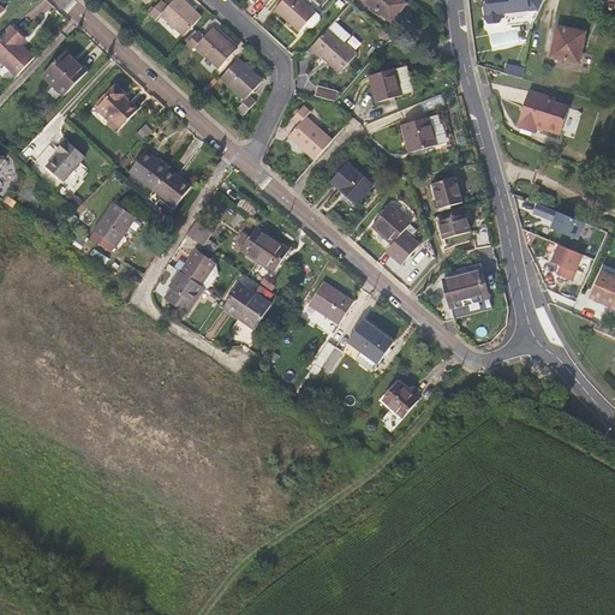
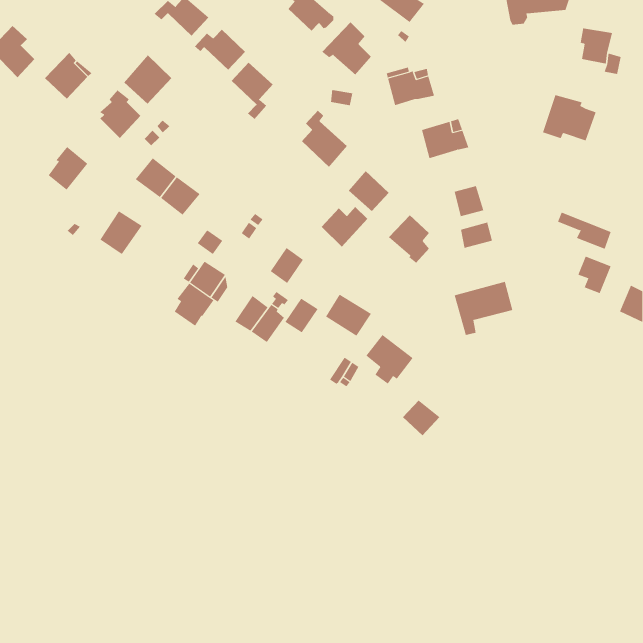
building: none -> [123,55,172,105]
building: none -> [321,206,368,248]
building: [240,225,273,258] -> [284,298,318,333]

